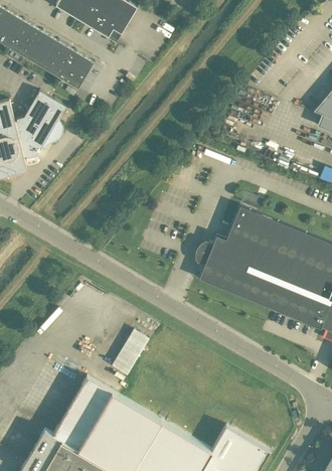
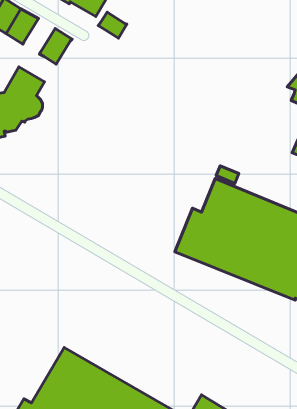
building: none -> [98,12,127,38]
building: [43,42,76,78] -> none
building: [111,328,149,374] -> none

